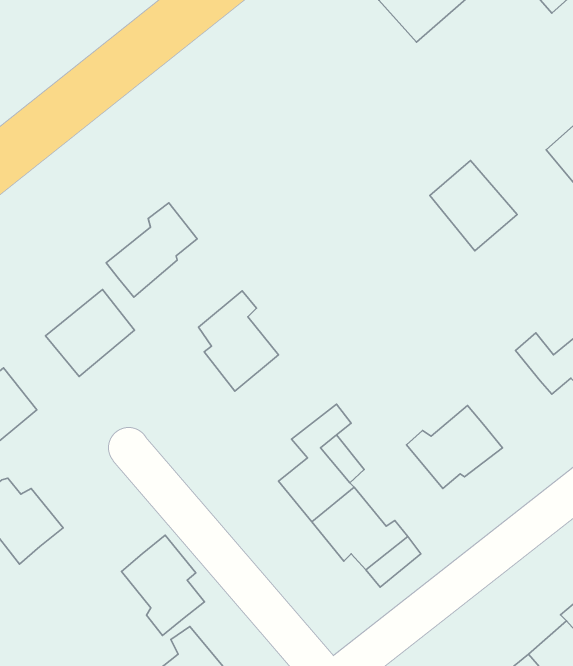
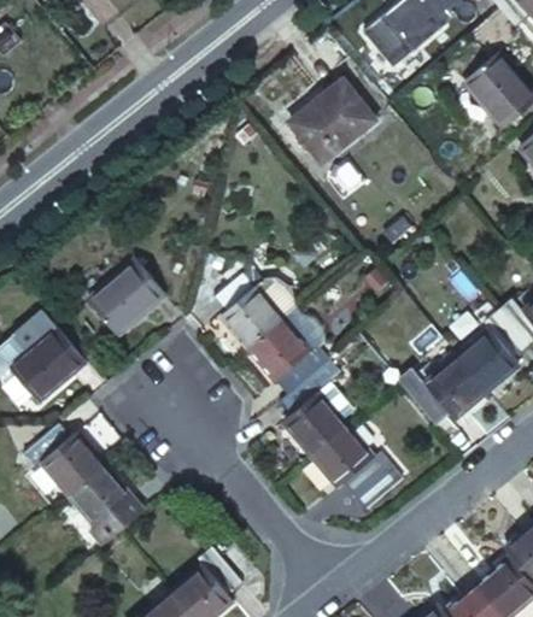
building: none -> [295,81,374,157]
building: [430,161,517,251] -> [452,58,525,133]
building: [106,203,197,297] -> none
building: none -> [443,317,512,398]
building: none -> [250,321,334,390]
building: [122,535,205,635] -> [71,464,140,547]

